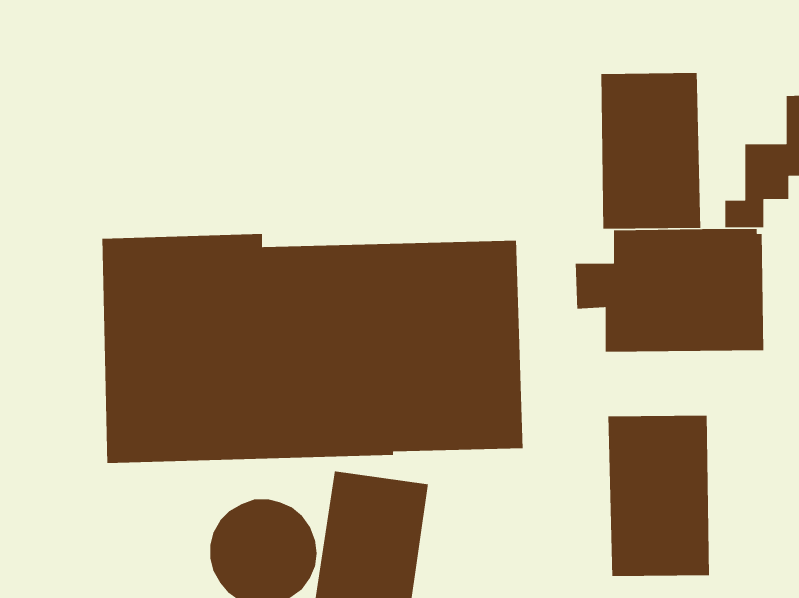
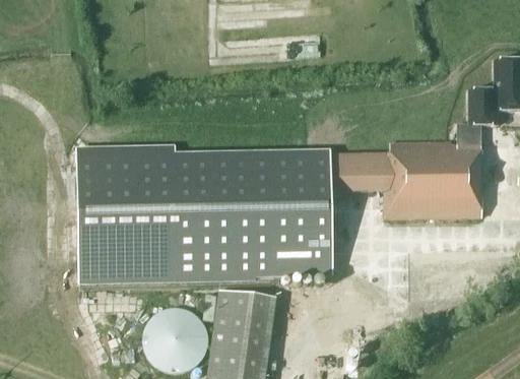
building: [600,72,701,229] -> none
building: [607,415,710,577] -> none

